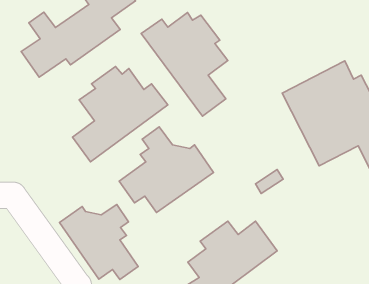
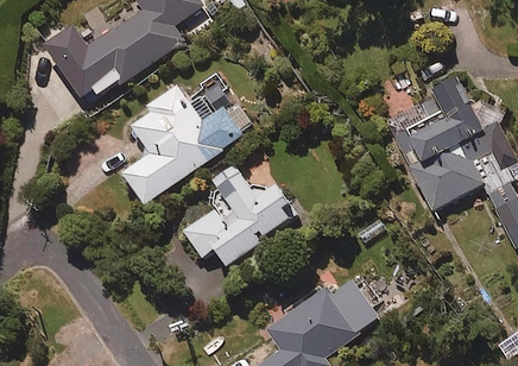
building: [141,12,228,116] -> none
building: [59,205,138,279] -> none

